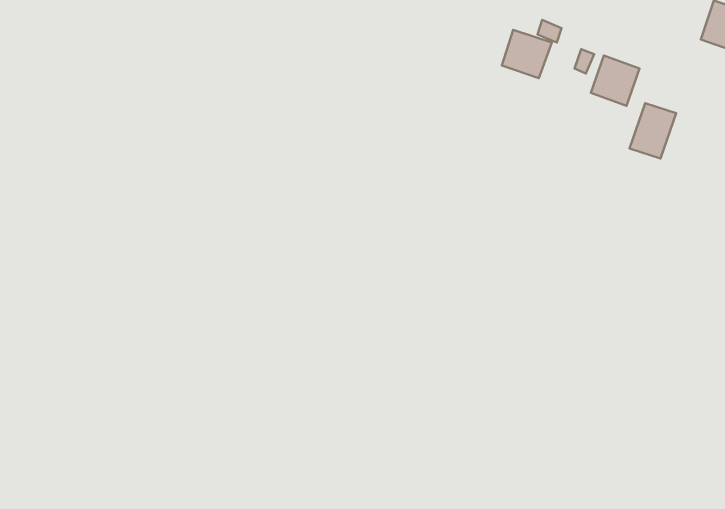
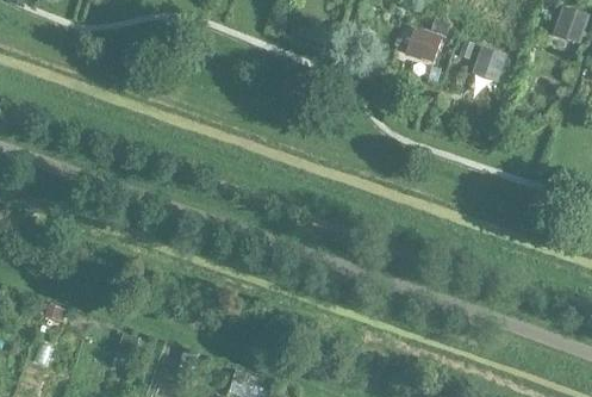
building: [630,103,676,158] -> none

